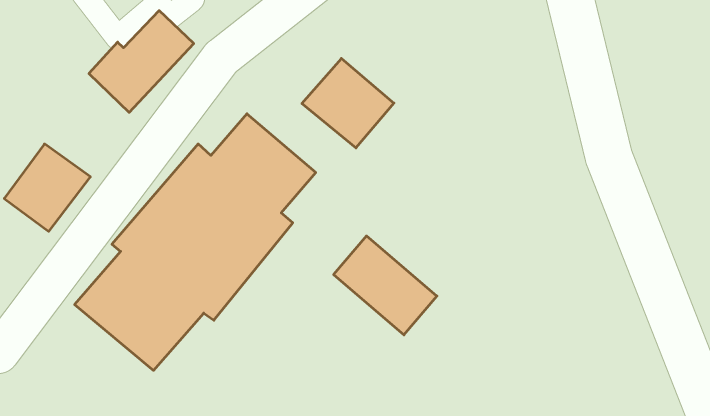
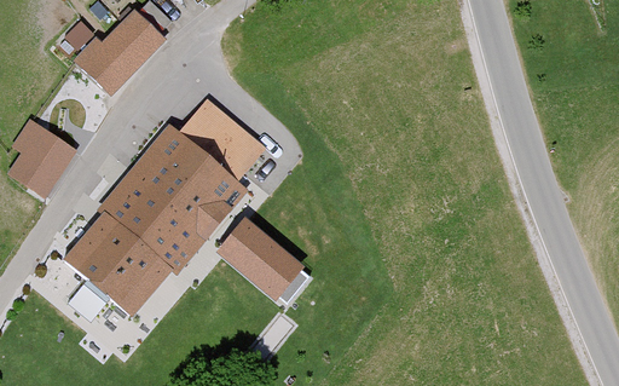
building: [302,58,394,148] -> none
building: [334,236,437,335] -> [218,217,305,300]

